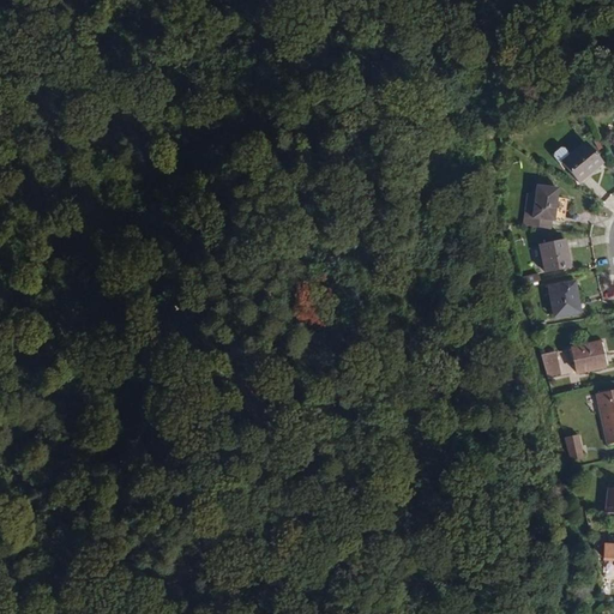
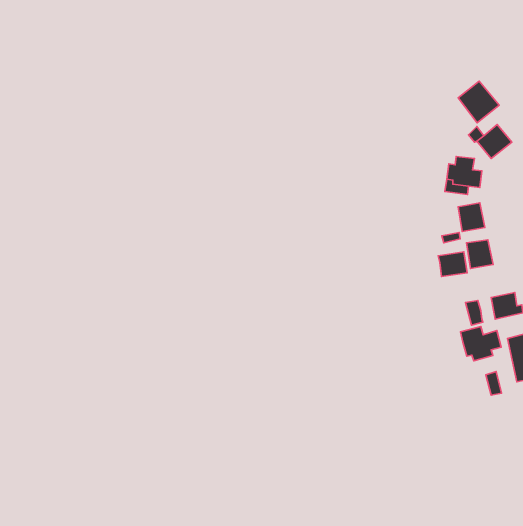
building: none -> [458,81,499,123]
building: none -> [438,252,467,277]
building: none -> [461,326,501,361]

